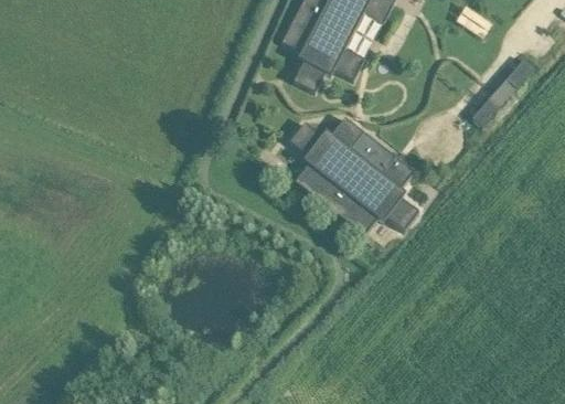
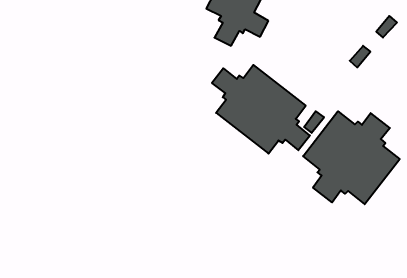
building: none -> [303,111,400,204]

